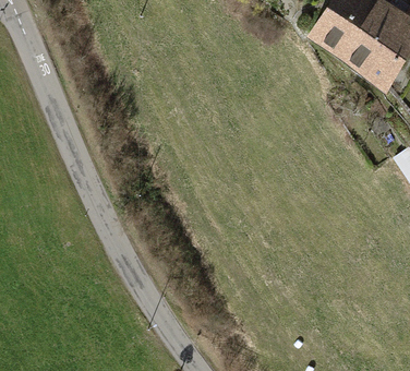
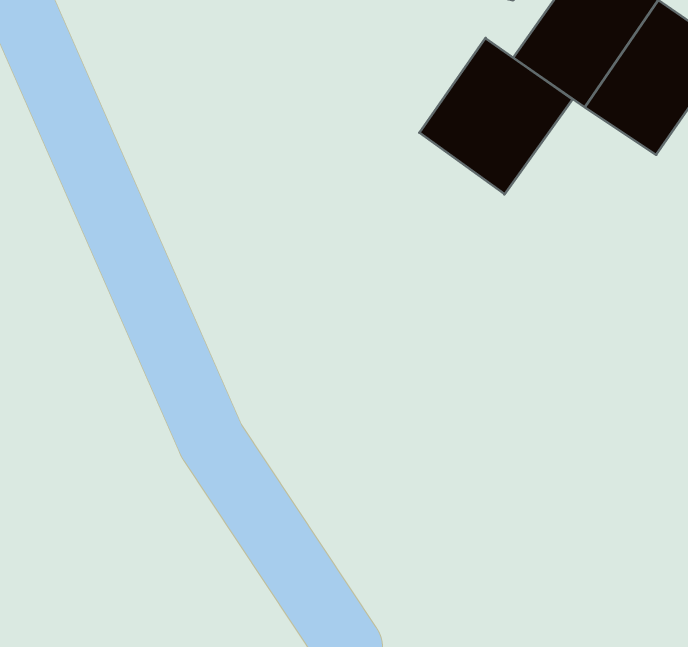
building: none -> [419,38,573,194]

